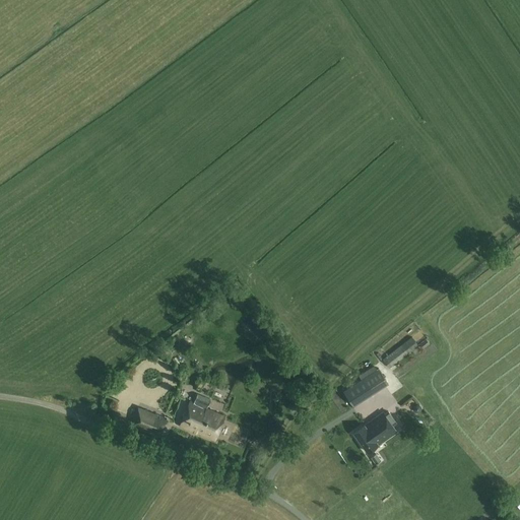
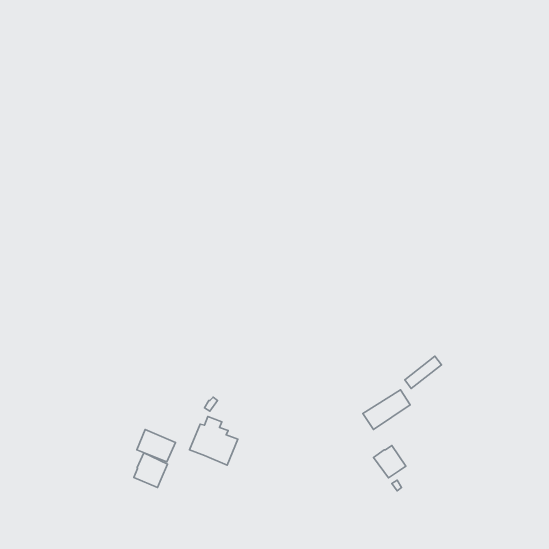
building: [370,411,395,440] -> none
building: none -> [134,453,168,488]

